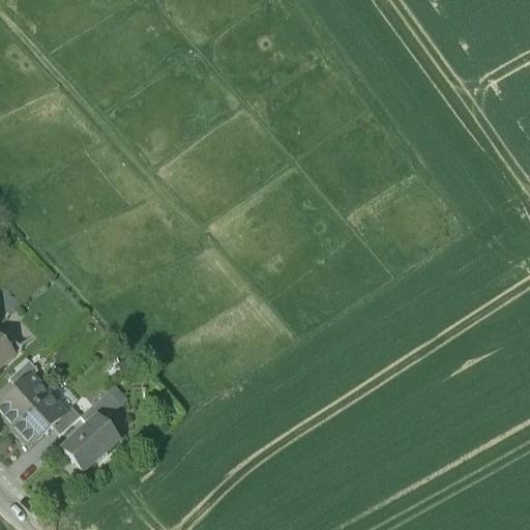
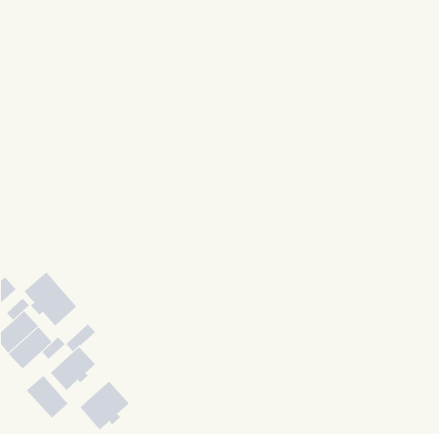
building: none -> [24,271,77,326]
building: none -> [26,375,68,419]
building: none -> [79,381,130,430]

